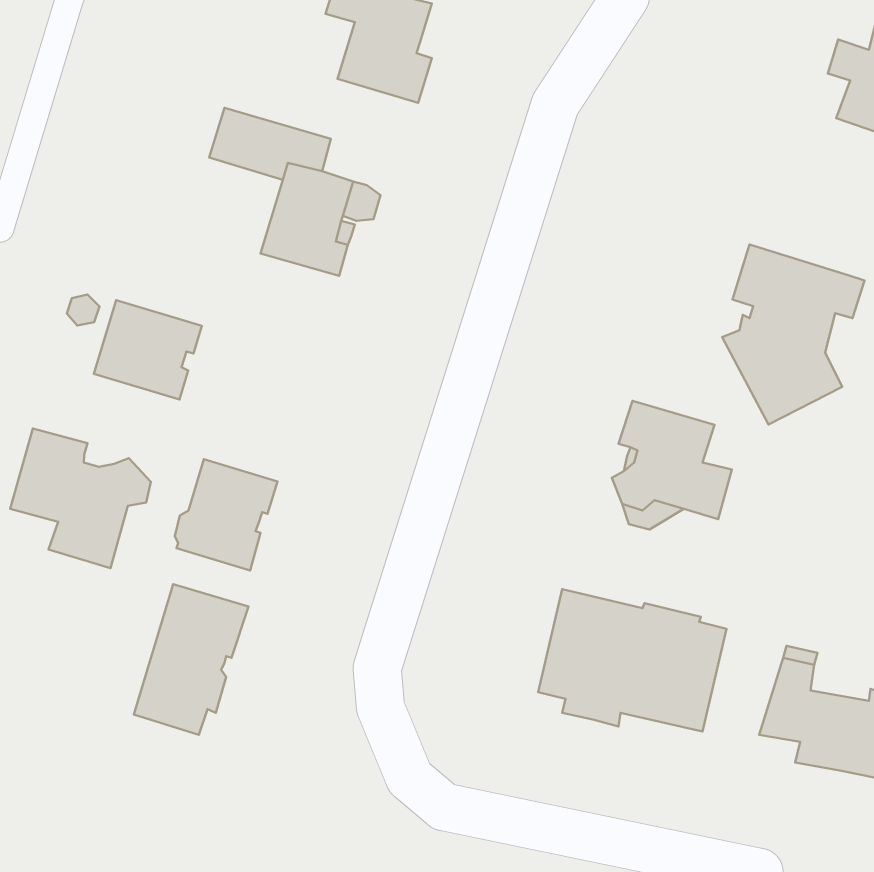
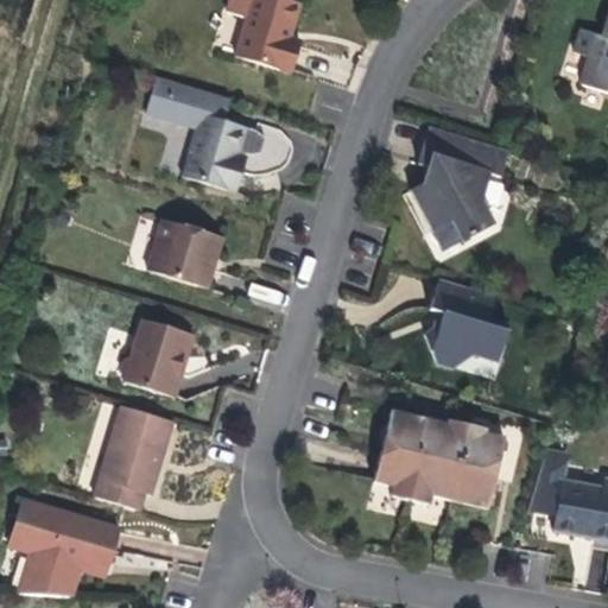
building: [722,245,864,424] -> [411,125,509,249]
building: [94,300,202,400] -> [147,218,222,287]
building: [10,428,151,568] -> none
building: none -> [10,499,119,595]

